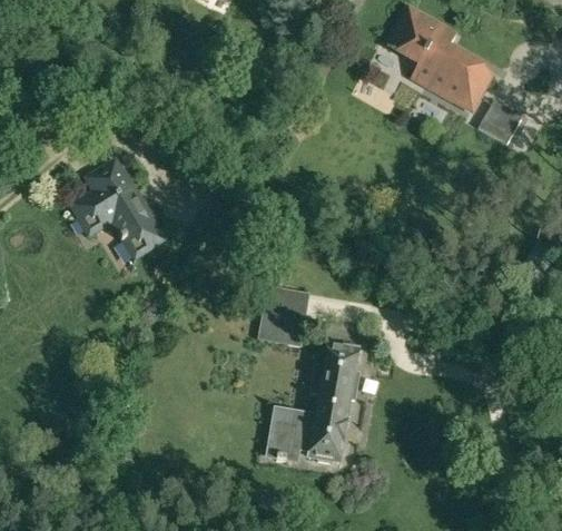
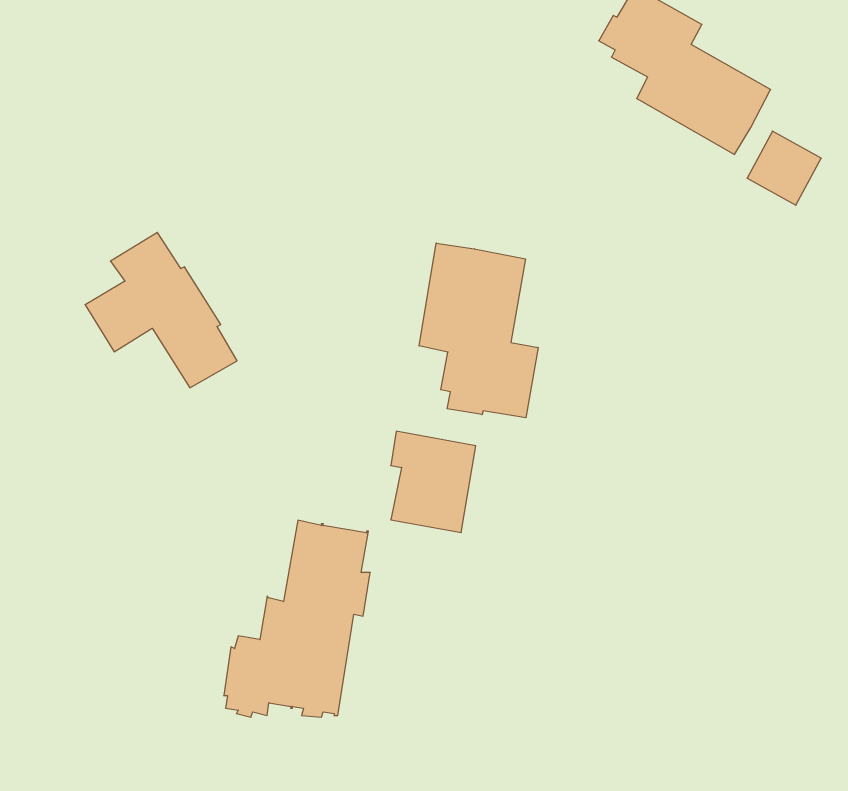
building: none -> [419,243,538,418]
building: [269,338,359,460] -> [224,520,370,717]

